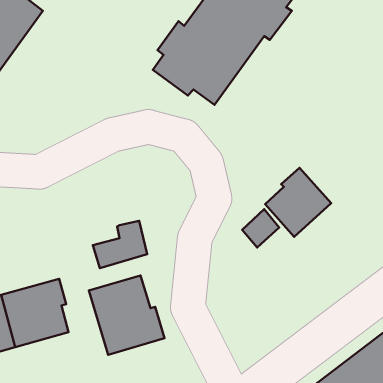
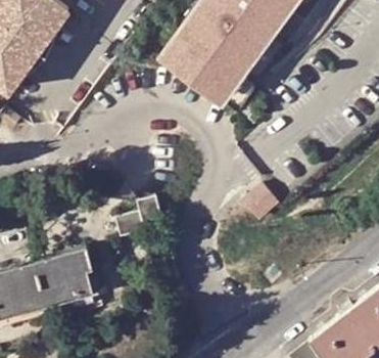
building: [265,168,331,237] -> none
building: [89,276,164,355] -> none

